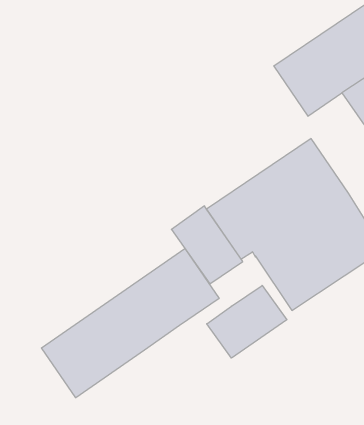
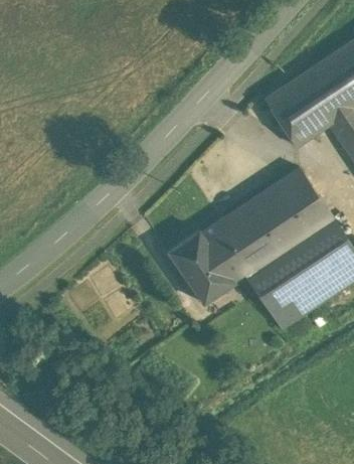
building: [41,248,219,398] -> none
building: [207,285,287,358] -> none

